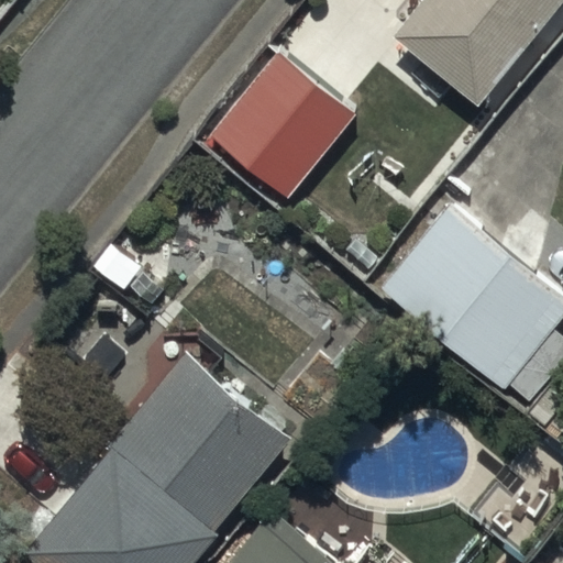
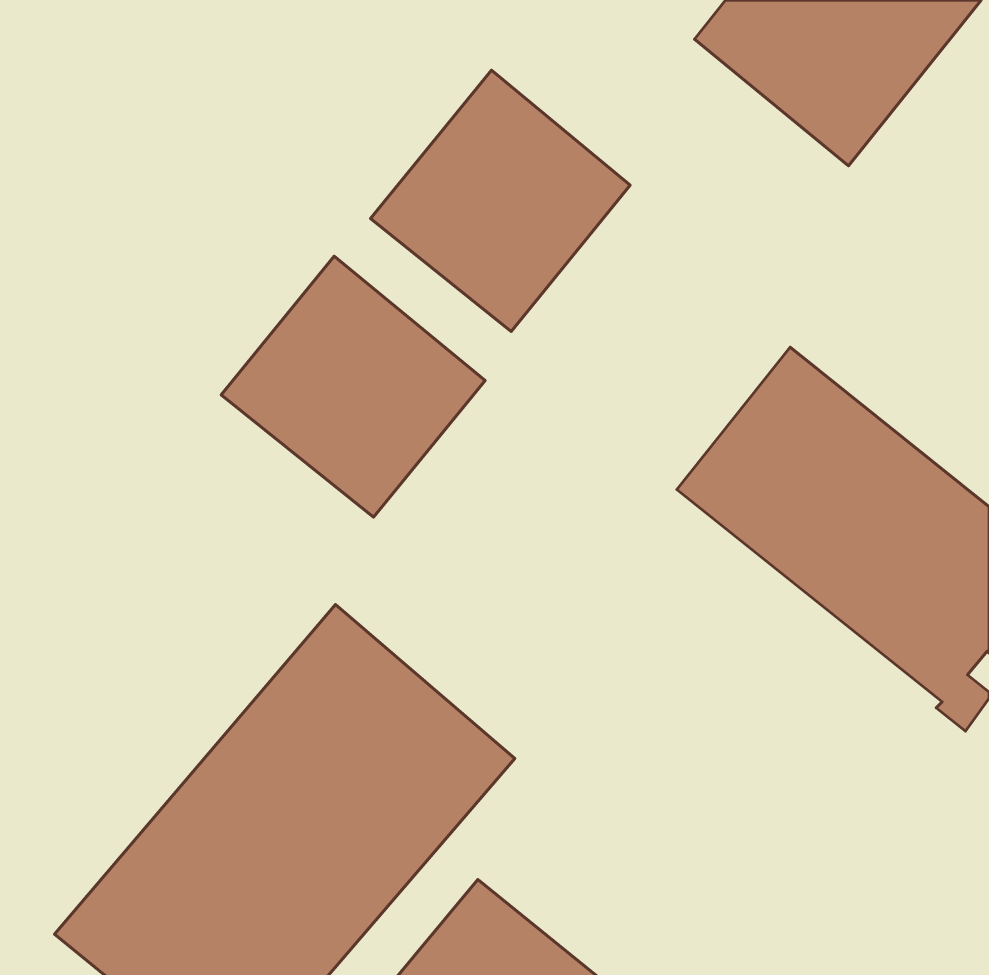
building: none -> [221,256,485,517]

